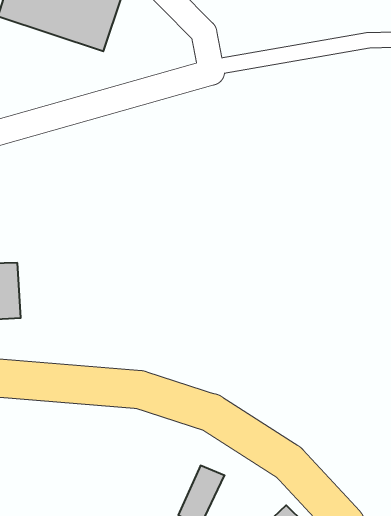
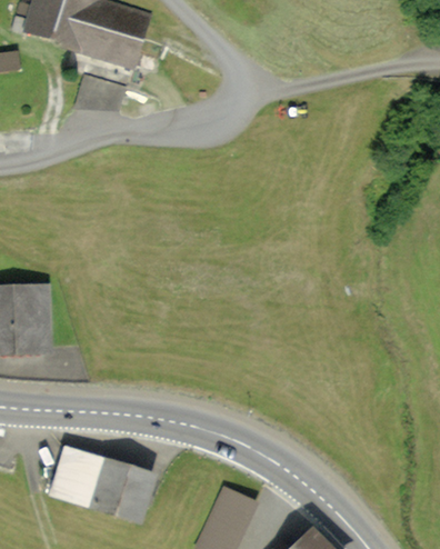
building: none -> [54,446,147,508]

